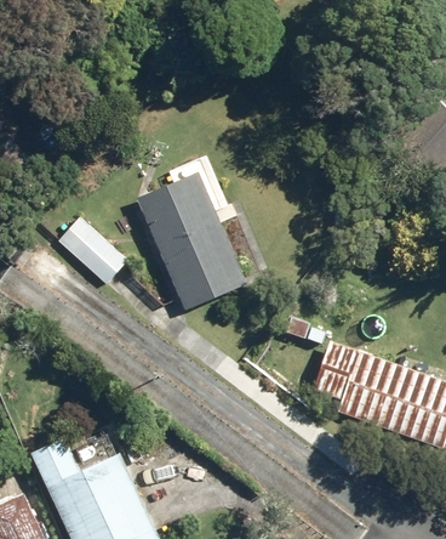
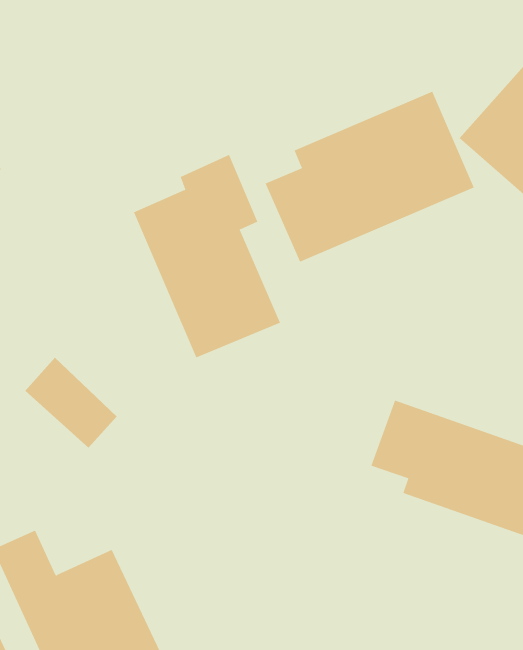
building: none -> [265,91,475,263]
building: [59,216,130,285] -> [24,357,117,448]

